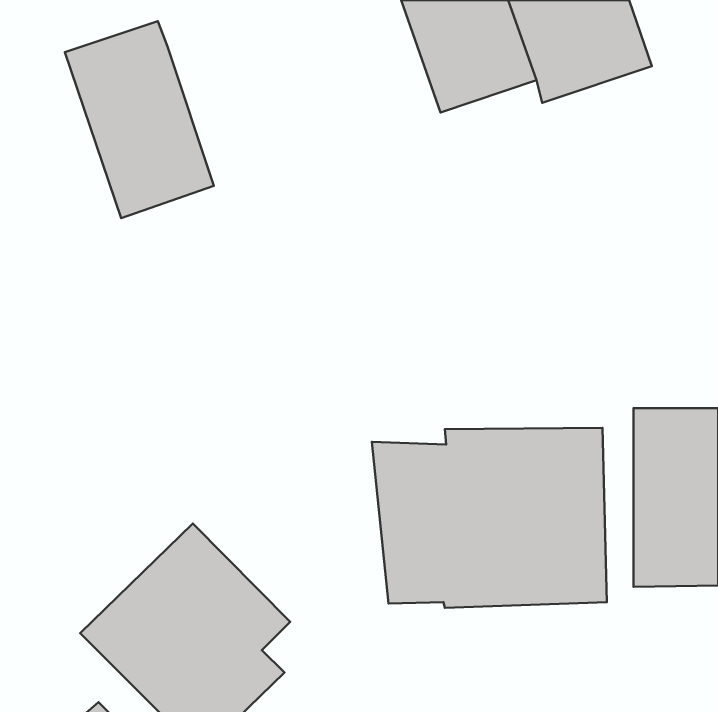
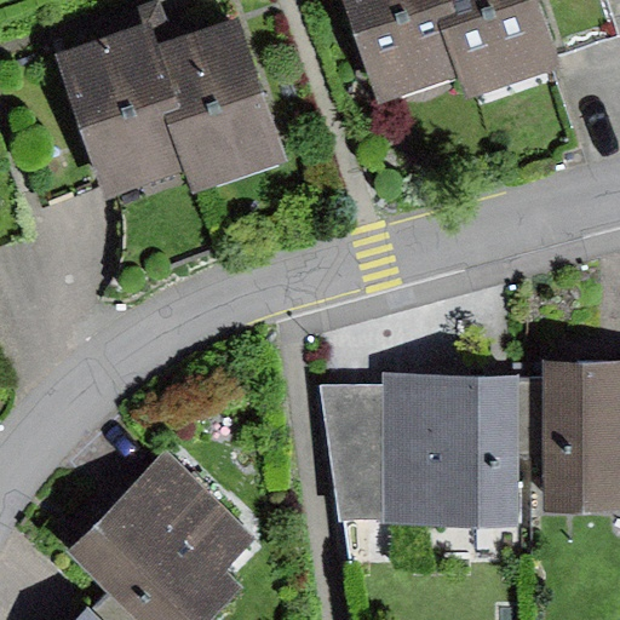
building: none -> [144,15,287,190]

